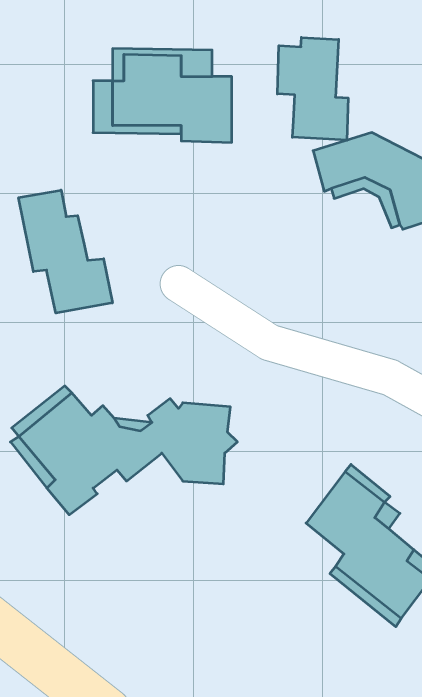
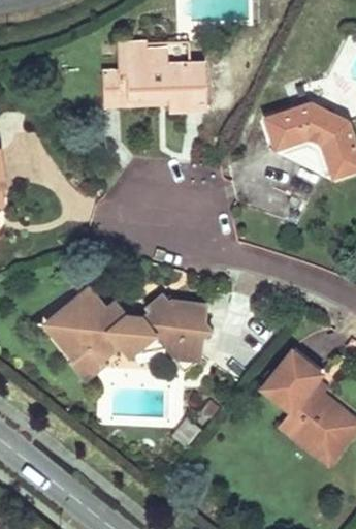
building: [277,37,348,140] -> none
building: [19,190,112,313] -> none

